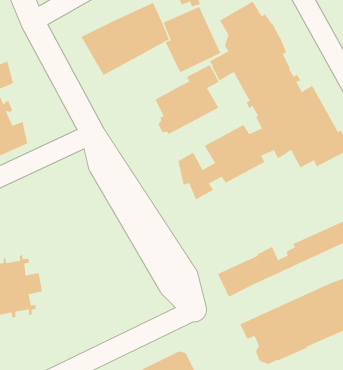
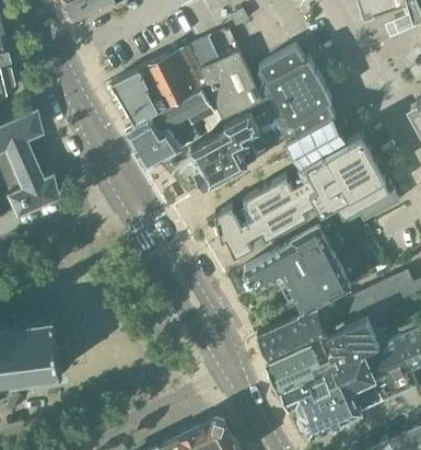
building: none -> [126,95,218,169]
building: none -> [244,229,351,313]
building: none -> [266,318,379,391]

